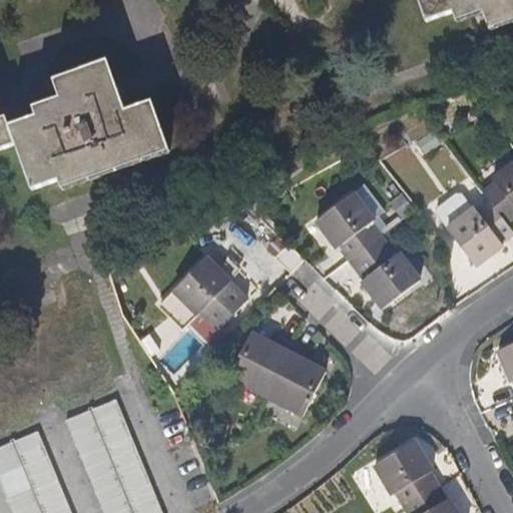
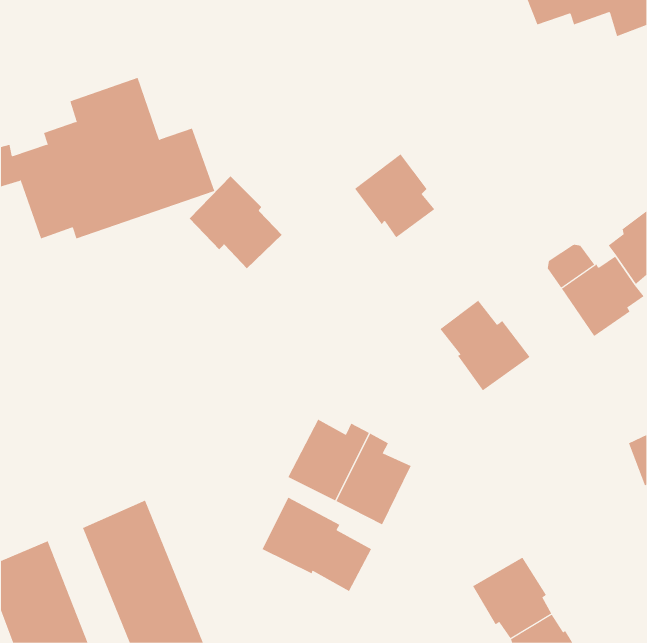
building: [315,193,379,261] -> [354,153,435,238]
building: [172,255,246,330] -> [189,175,282,269]
building: none -> [262,497,372,592]

